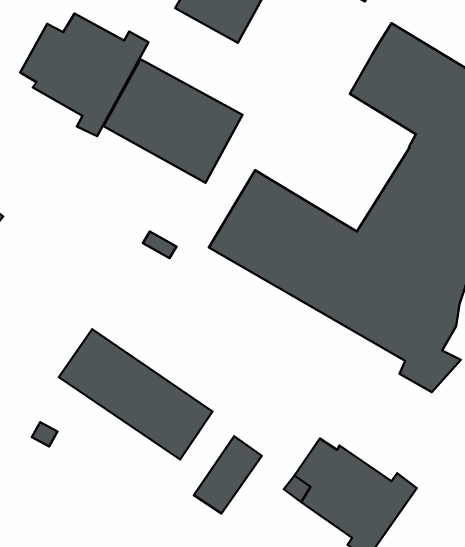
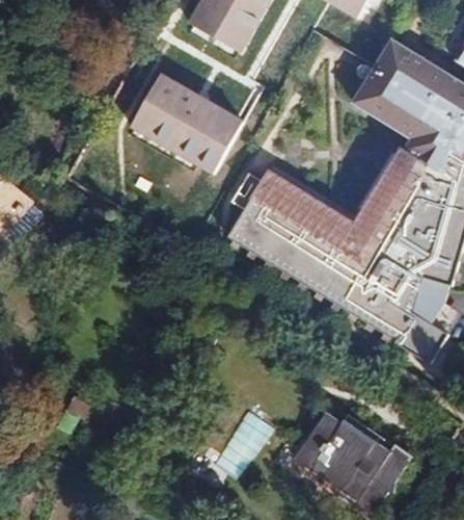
building: [20,13,148,136] -> none
building: [59,329,212,460] -> none

